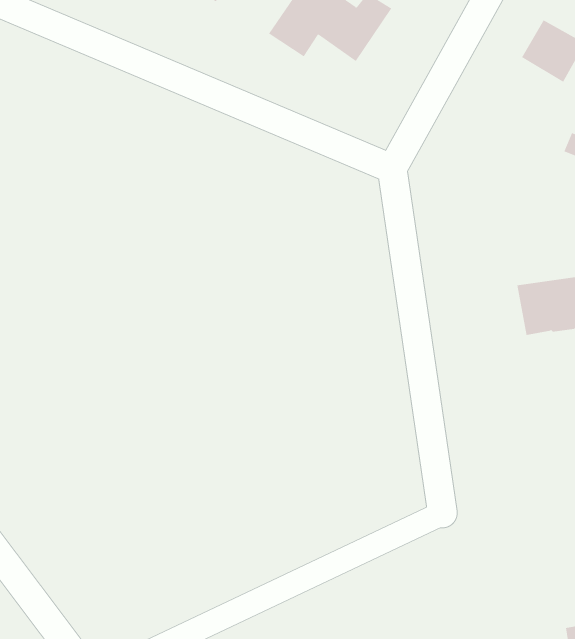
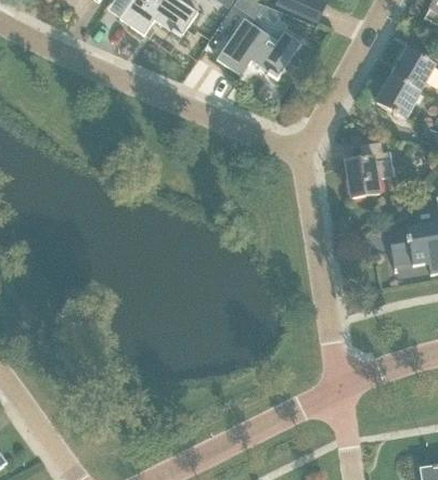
building: none -> [375,74,420,117]
building: none -> [345,141,394,196]

